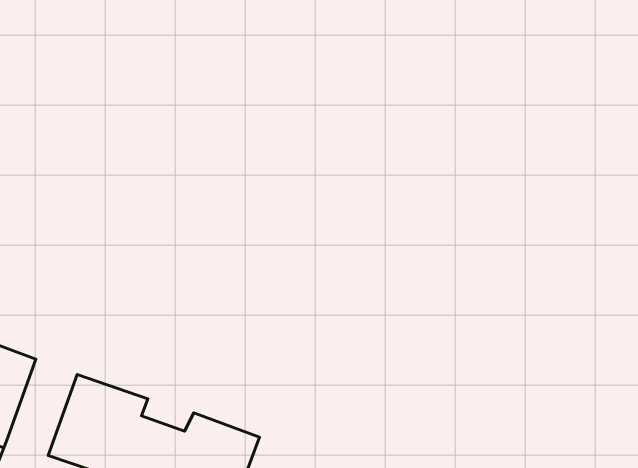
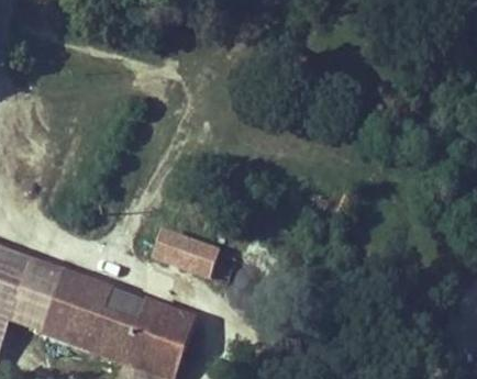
building: none -> [155,228,235,280]
building: none -> [11,261,62,331]

